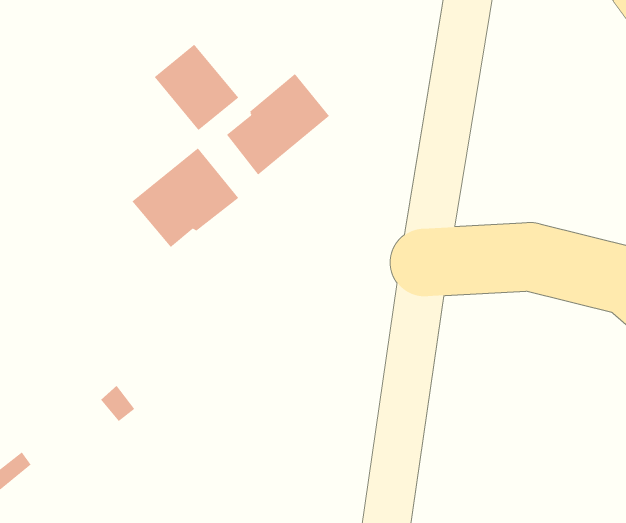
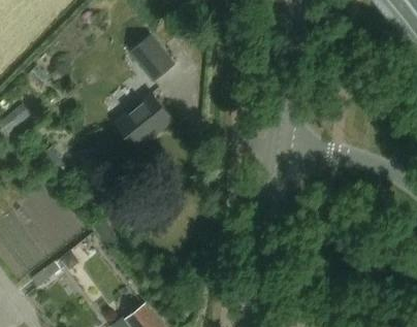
building: [226,73,330,175] -> none

